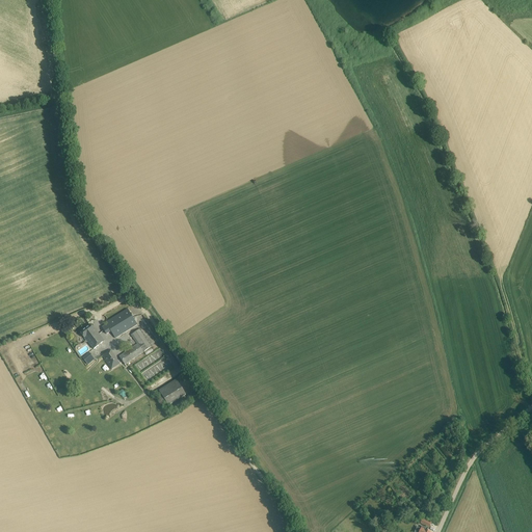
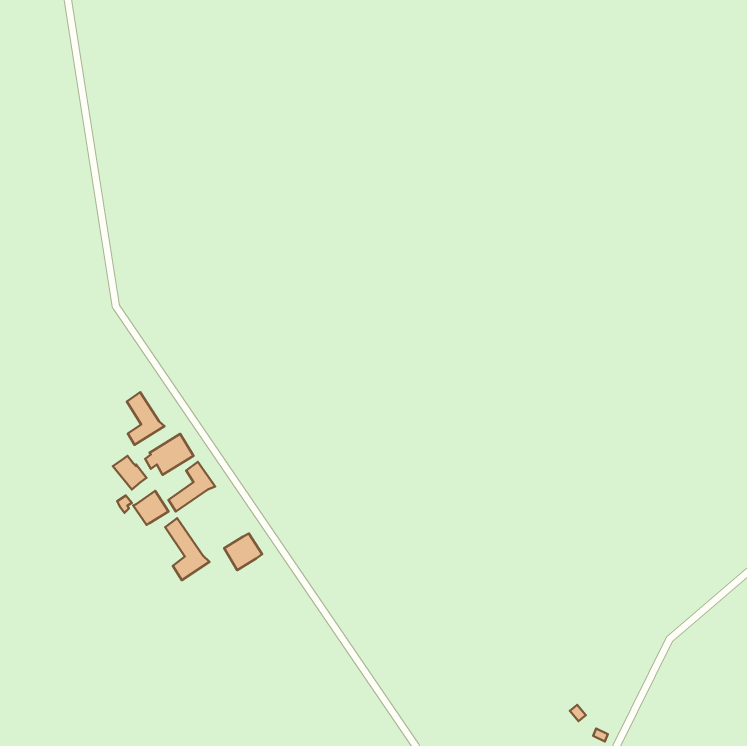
building: none -> [127,392,165,445]
building: none -> [165,518,209,580]

